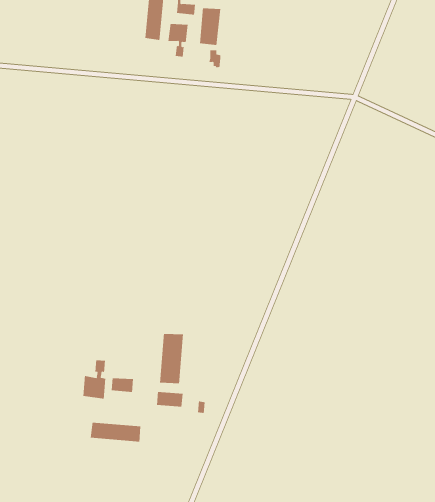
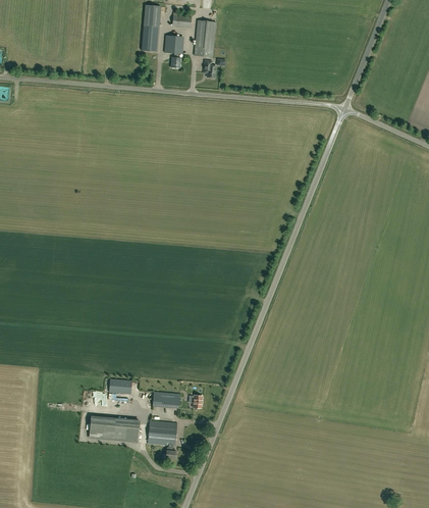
building: [159,333,184,384] -> none
building: [83,360,106,400] -> none
building: none -> [148,419,176,458]

